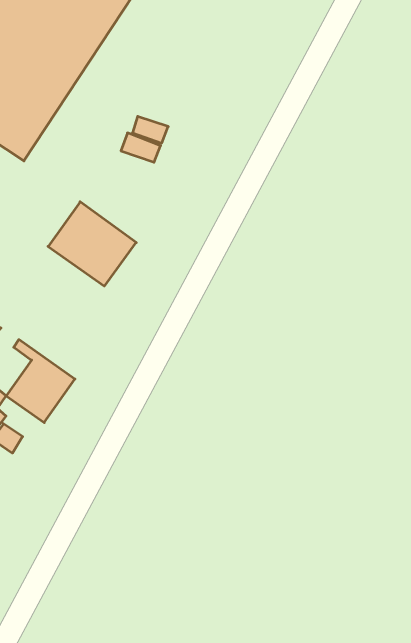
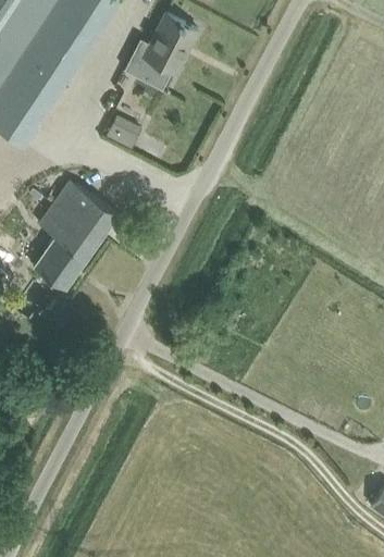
building: none -> [136,13,197,89]
building: [6,340,75,423] -> [32,218,90,288]

